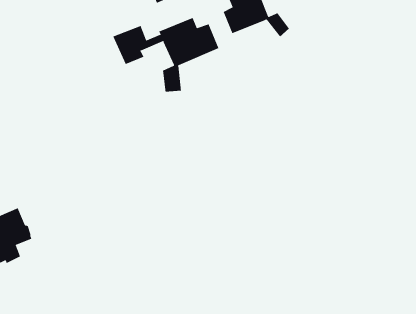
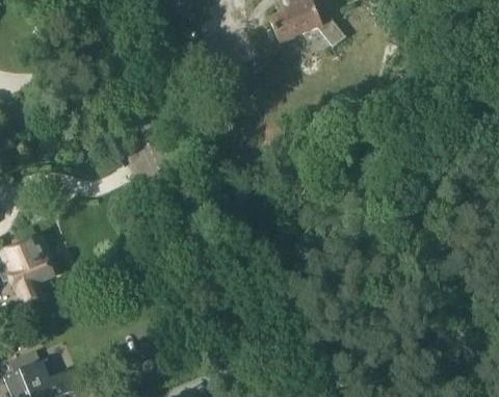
building: [113,17,219,92] -> none

